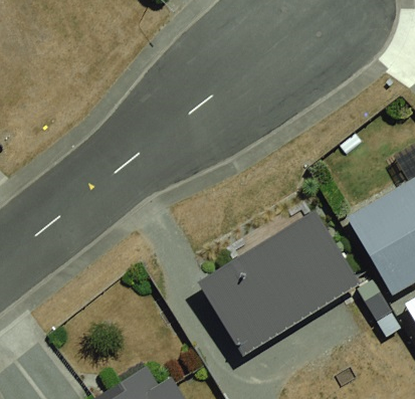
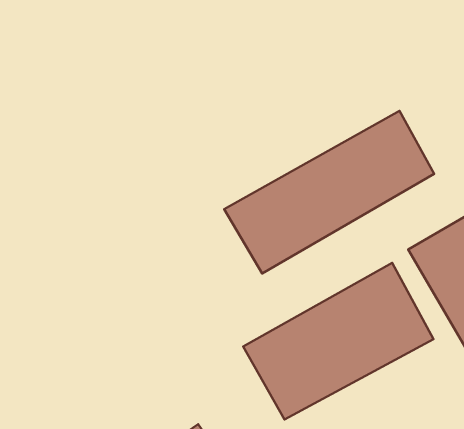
building: none -> [224,111,434,274]

